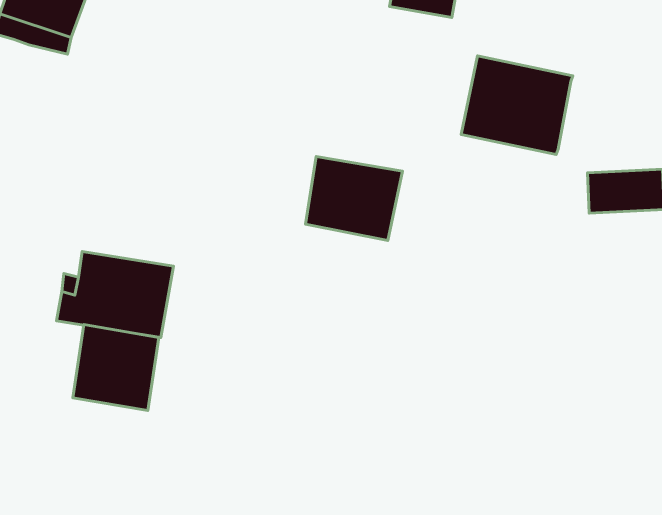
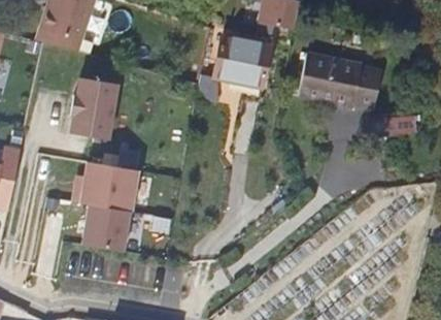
building: none -> [353,66,381,108]
building: none -> [71,76,118,138]
building: [305,157,402,241] -> [215,38,270,86]

